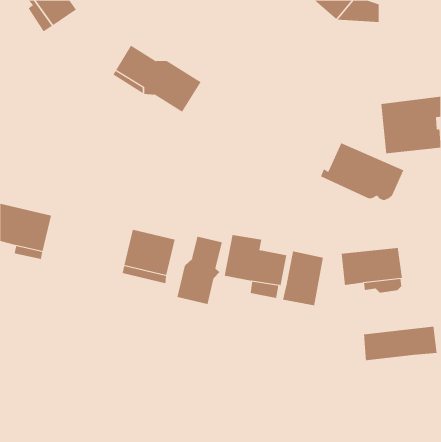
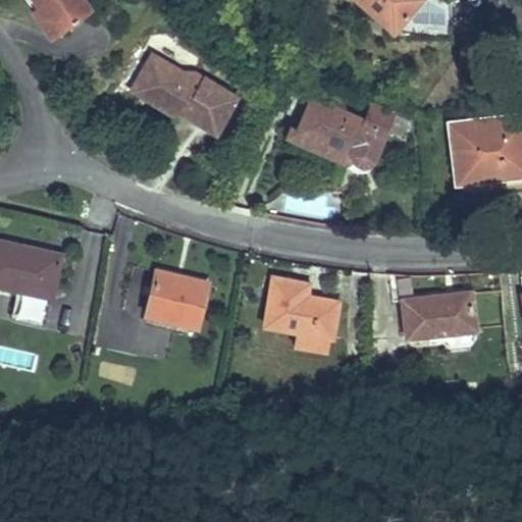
building: [320,143,404,201] -> [288,96,386,164]
building: [177,236,223,305] -> none
building: [283,250,324,306] -> none
building: [364,326,437,361] -> none

